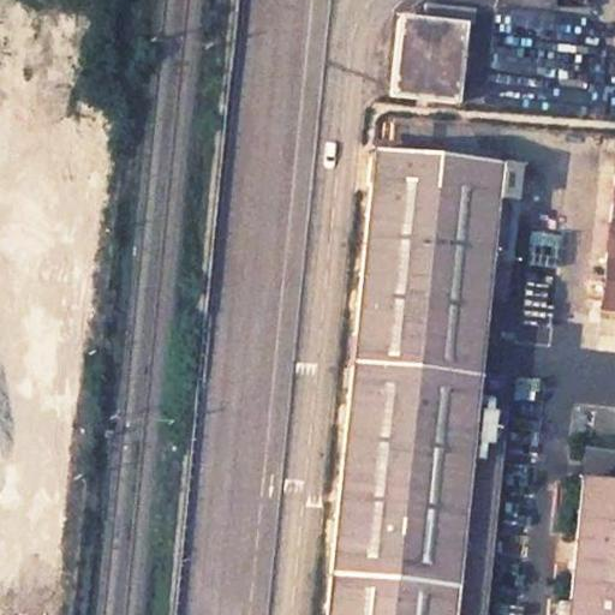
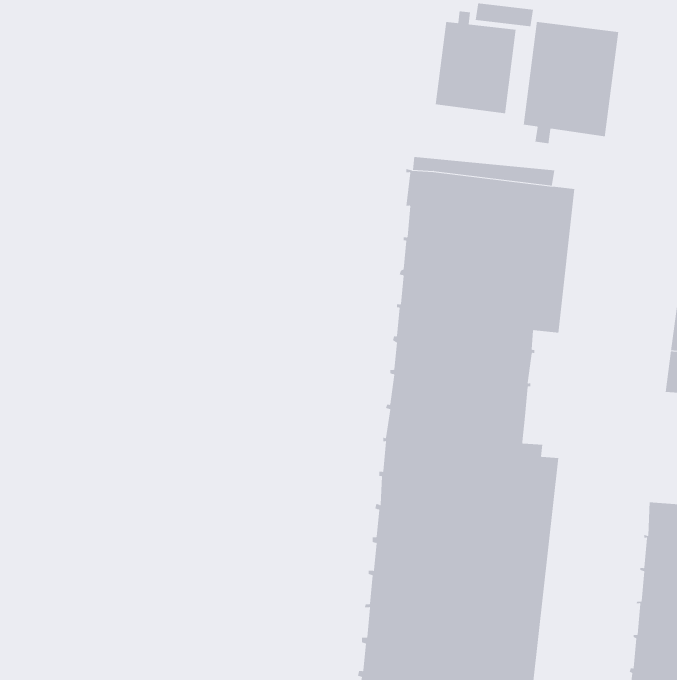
building: none -> [523,21,619,144]

